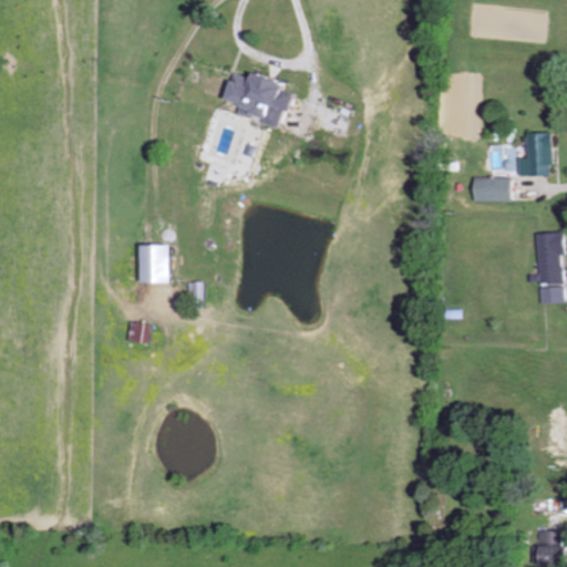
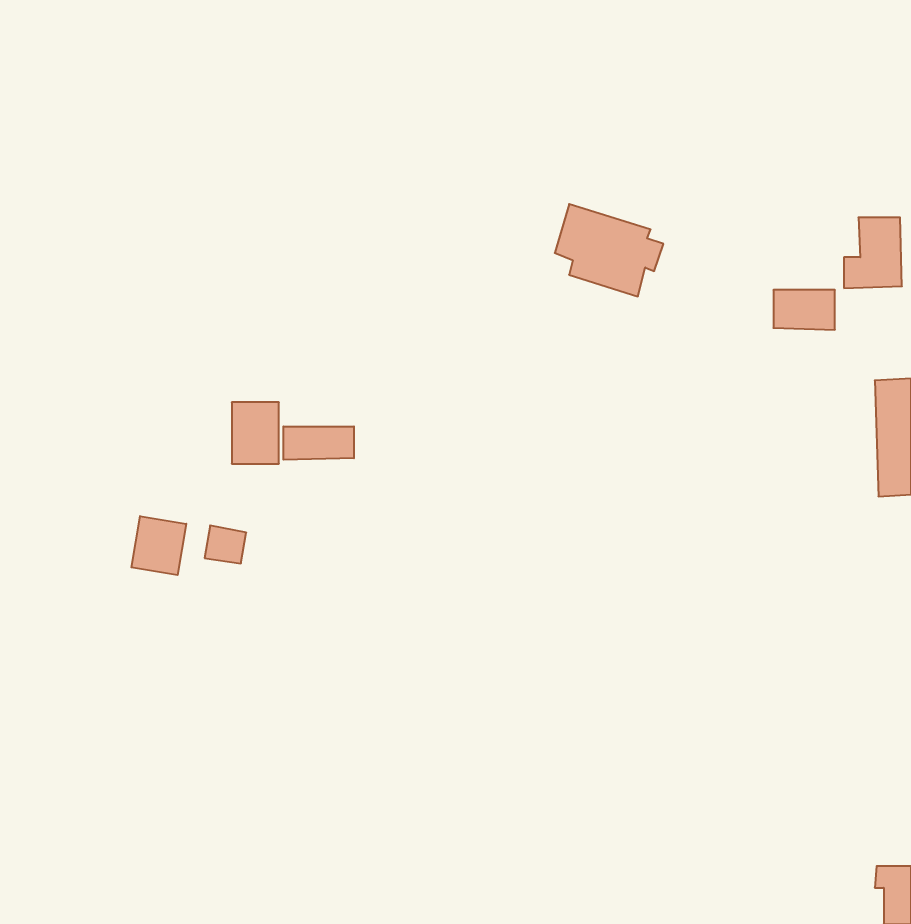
building: [229,70,296,126] -> [555,204,663,296]
building: none -> [283,426,354,460]
building: none -> [131,516,186,575]

